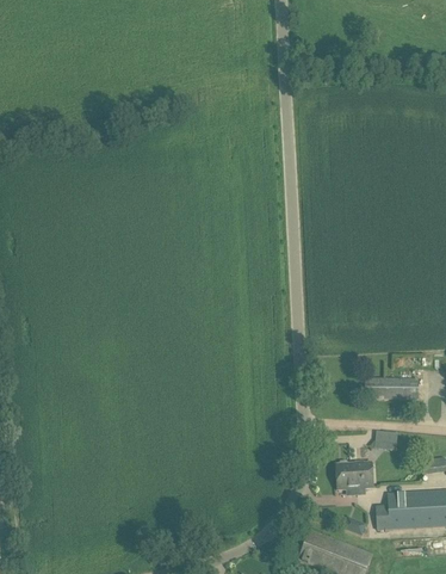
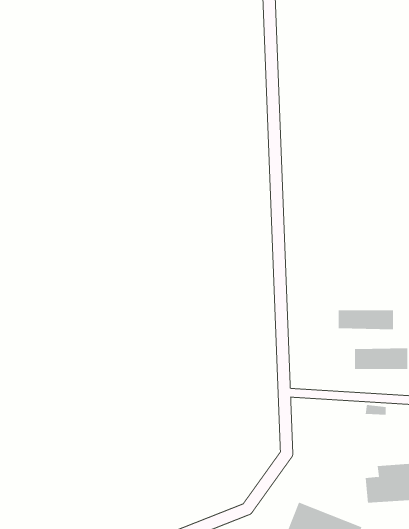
building: none -> [338,309,394,330]
building: [335,461,372,495] -> none

